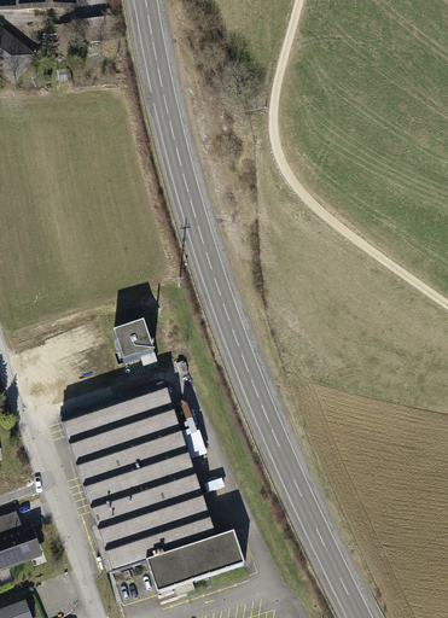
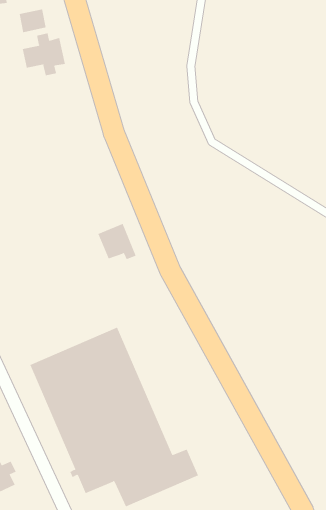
building: none -> [22,33,65,76]
building: [112,320,155,362] -> [97,223,136,260]

